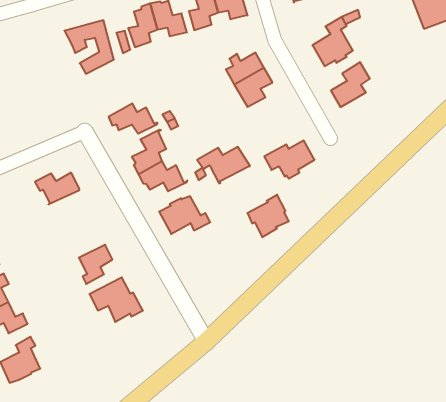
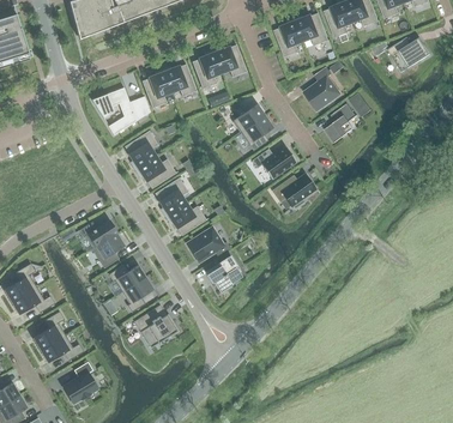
building: none -> [129,129,158,169]
building: [197,147,250,183] -> [252,146,297,179]
building: none -> [92,234,125,267]
building: [247,195,289,237] -> [205,256,241,294]
building: none -> [107,265,144,291]

